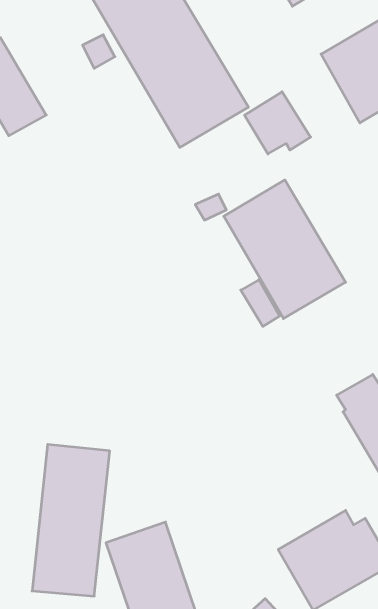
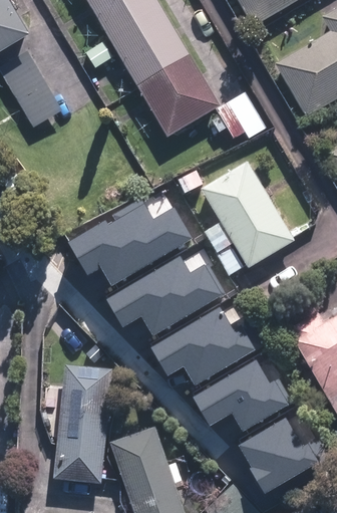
building: none -> [72,192,193,284]
building: none -> [108,250,223,335]
building: none -> [152,309,256,387]
building: none -> [196,359,293,432]

